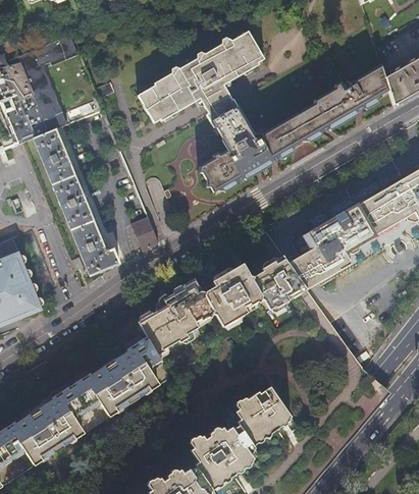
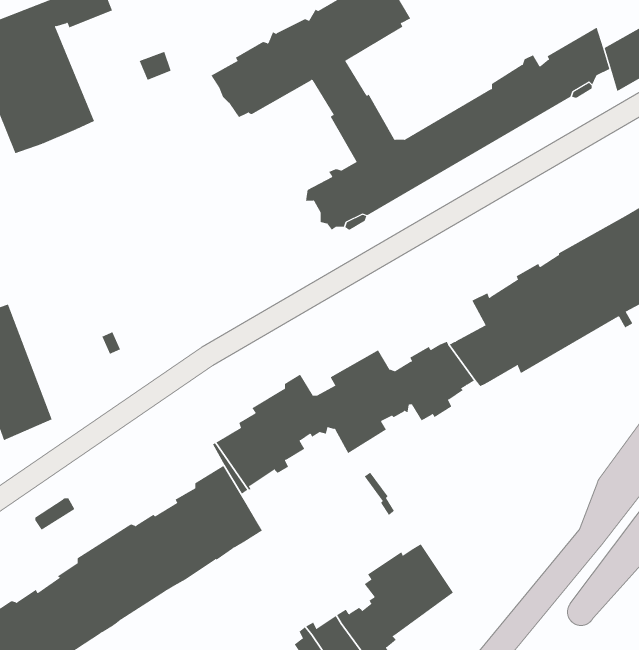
building: [34,126,119,273] -> none
building: [132,215,158,249] -> none

